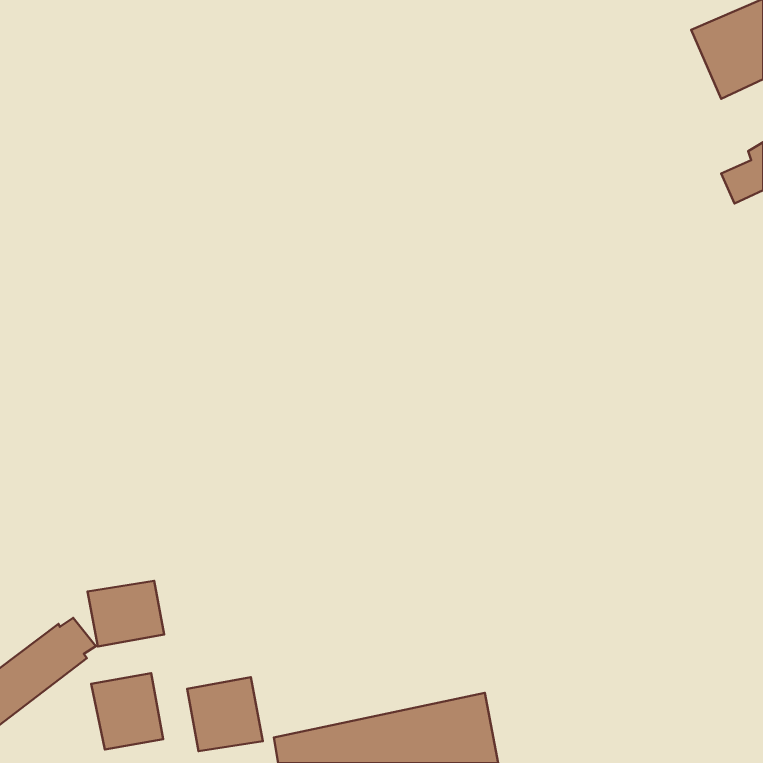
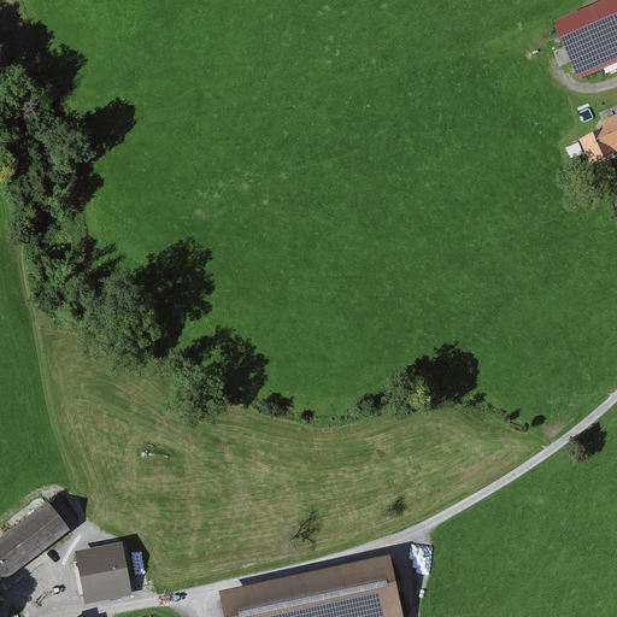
building: [88,581,164,647] -> none
building: [187,677,263,751] -> none

